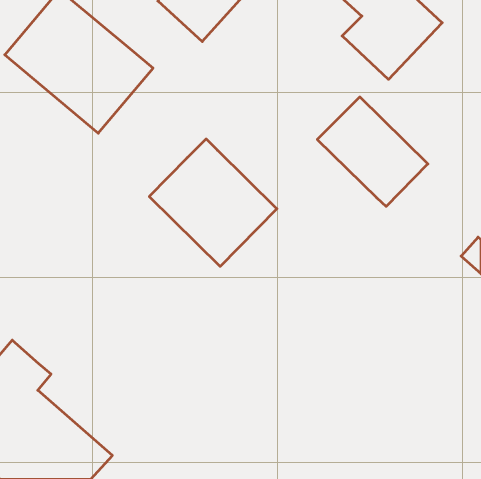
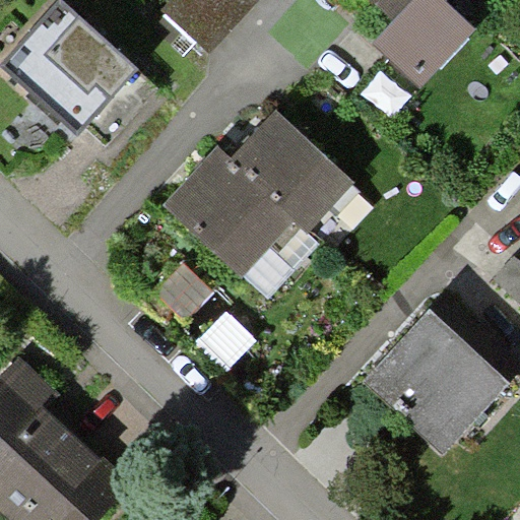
building: [317,97,428,206] -> [234,116,352,234]
building: none -> [368,307,508,446]

